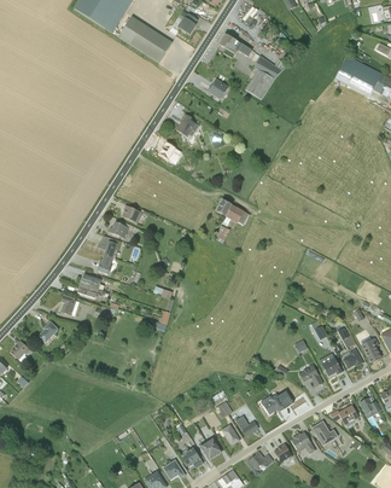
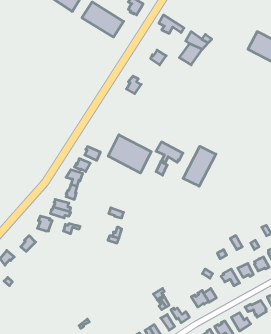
building: none -> [108,135,151,173]
building: none -> [183,146,216,186]

